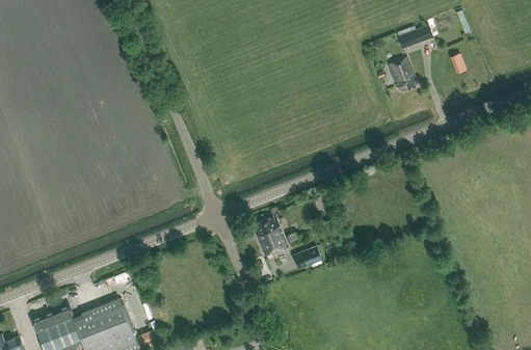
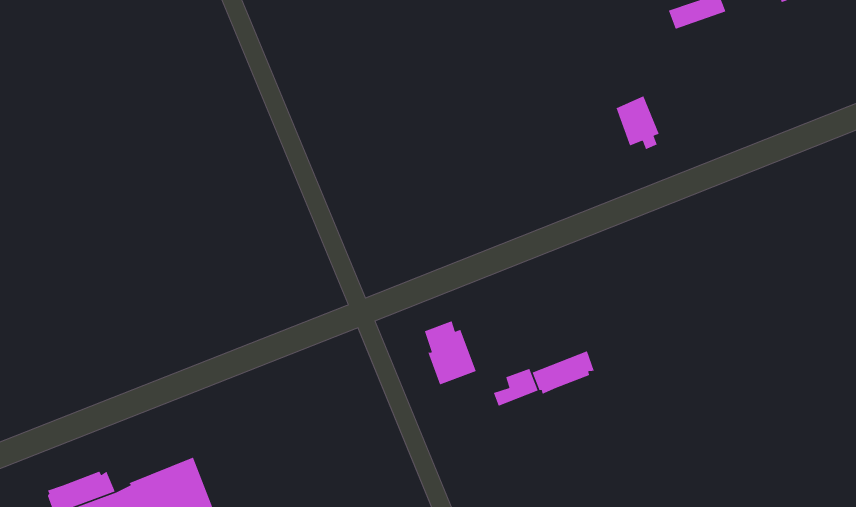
building: [390,59,416,91] -> [615,95,660,150]
building: none -> [531,350,595,395]

